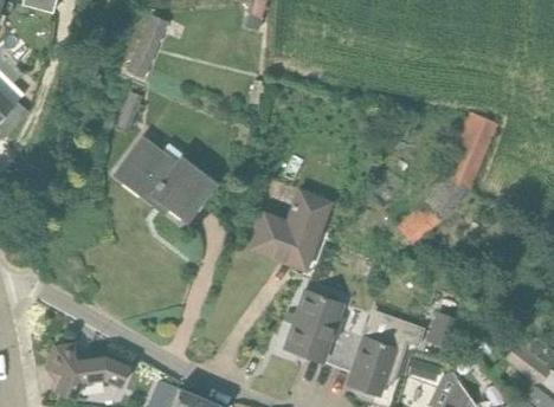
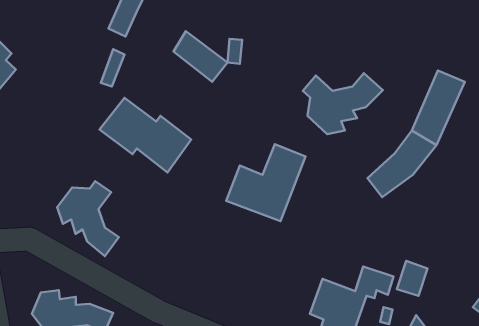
building: none -> [173,31,227,82]
building: none -> [303,73,383,134]
building: none -> [57,181,119,256]
building: [284,290,349,367] -> none

